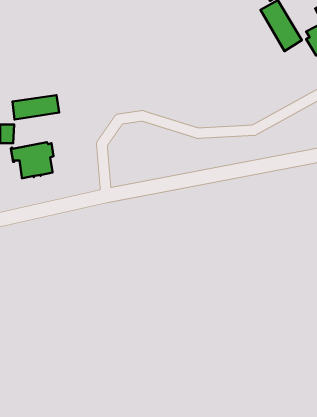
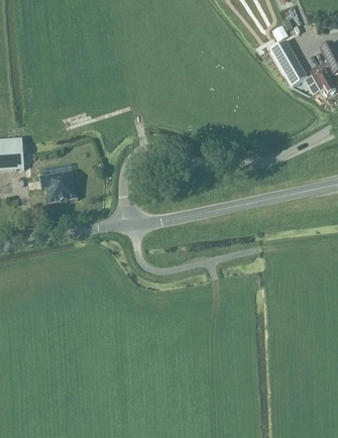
building: [12,95,59,119] -> none

